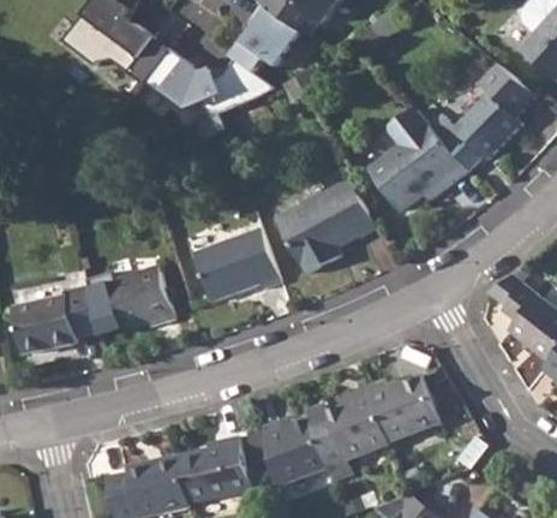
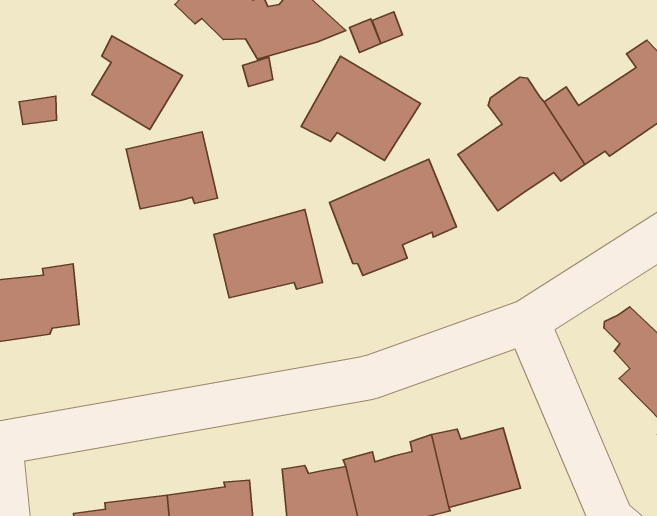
building: none -> [301,56,420,160]
building: none -> [92,36,183,130]
building: [101,267,174,331] -> [126,132,217,209]

